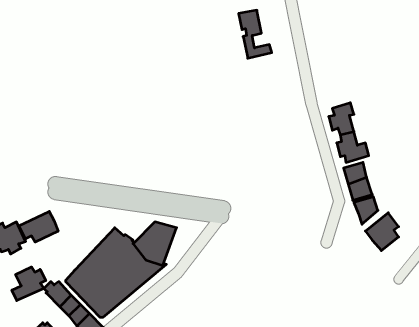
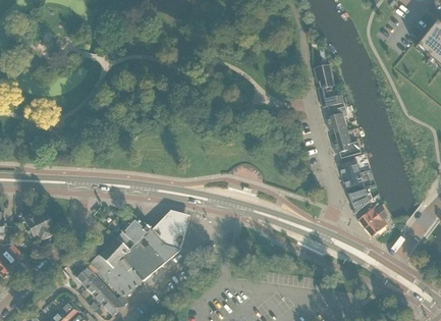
building: [239,10,272,58] -> [315,64,344,107]
building: [19,211,58,242] -> none
building: [12,267,46,301] -> none

